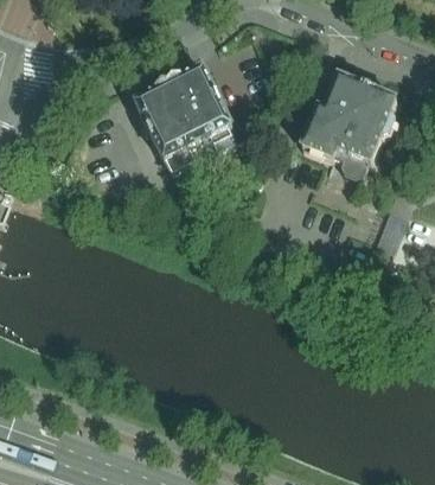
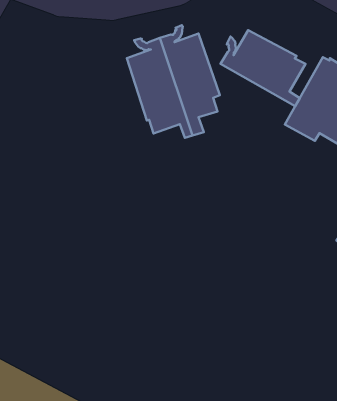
building: none -> [221,30,306,106]

